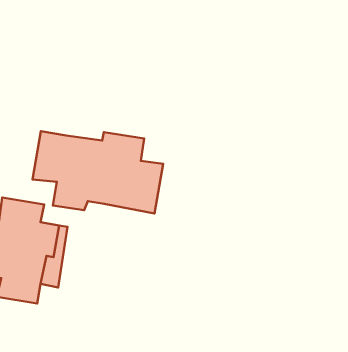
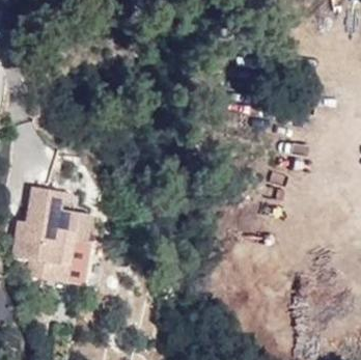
building: [32,131,163,214] -> none

